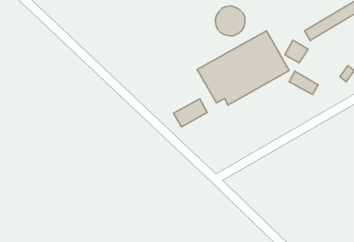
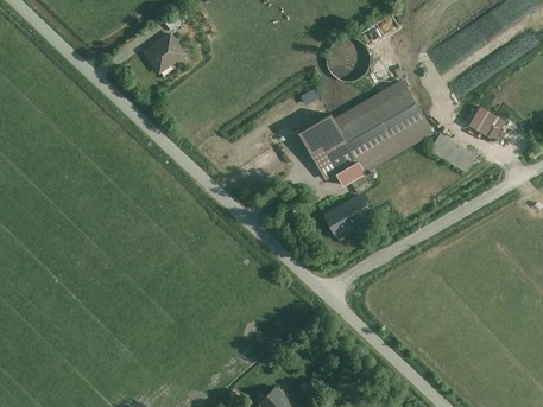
building: none -> [144,34,187,75]
building: [285,40,308,63] -> [469,107,504,140]
building: [173,99,207,127] -> [323,193,373,235]

